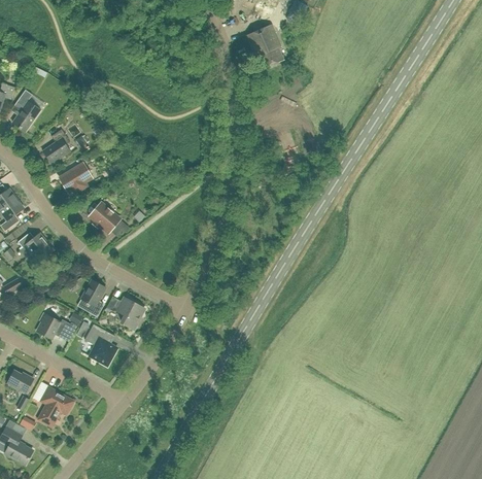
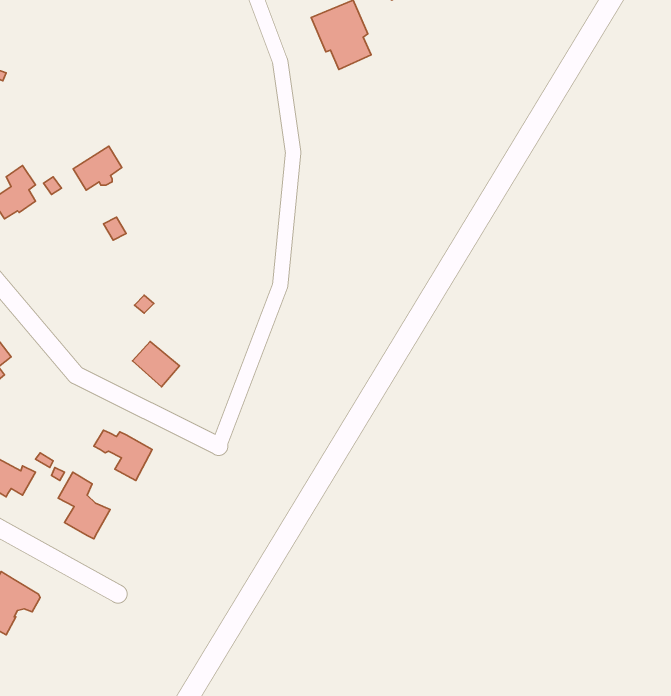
building: [60,164,91,192] -> [73,146,122,190]
building: [90,203,119,232] -> [132,341,179,387]
building: [81,279,106,316] -> none

